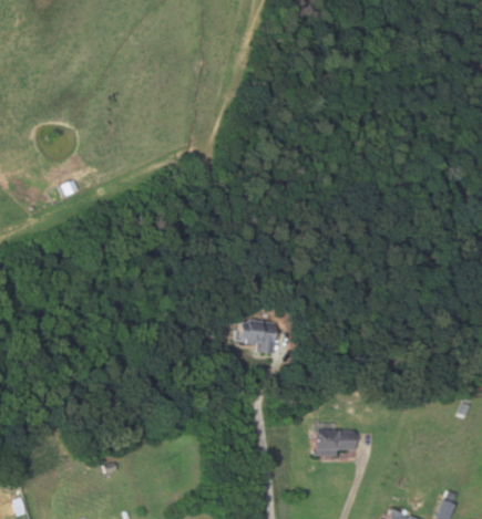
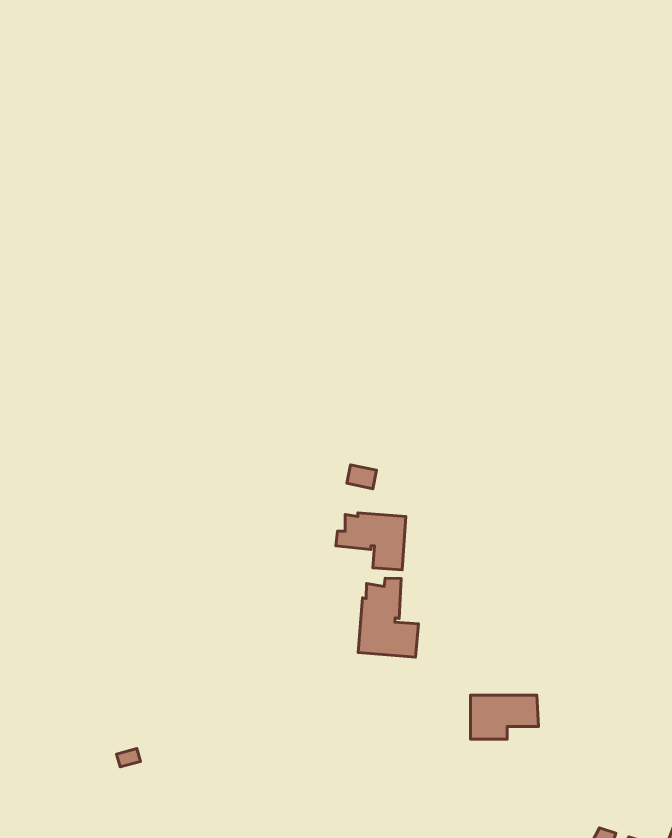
building: none -> [358,578,418,657]

